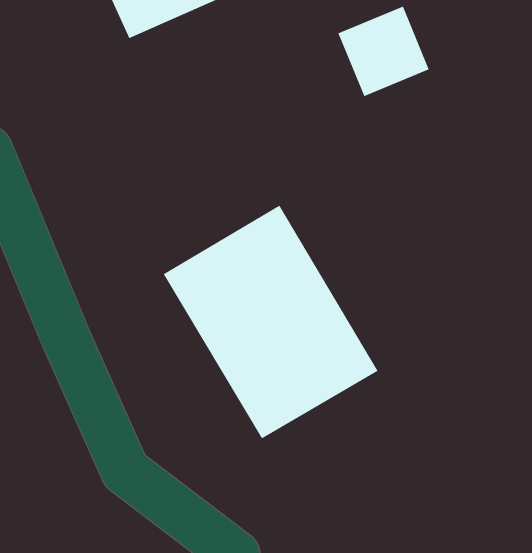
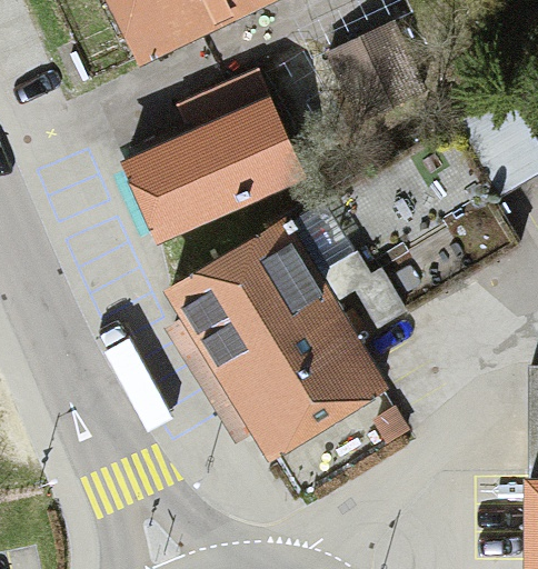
building: none -> [119,97,300,240]

